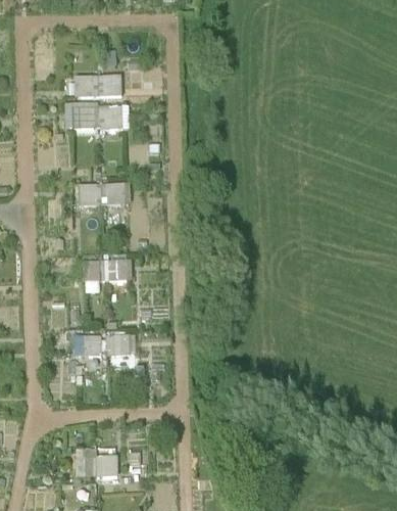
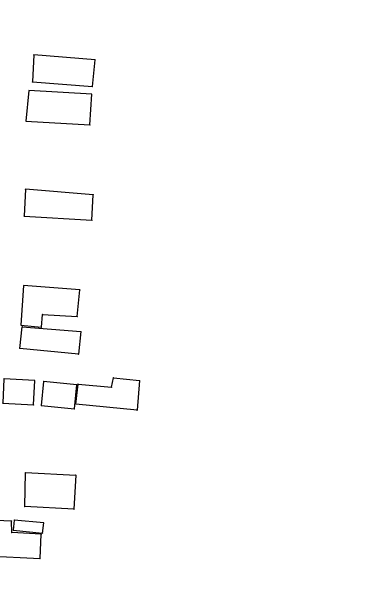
building: none -> [20,327,81,354]
building: none -> [76,378,140,410]
building: none -> [25,473,76,509]

